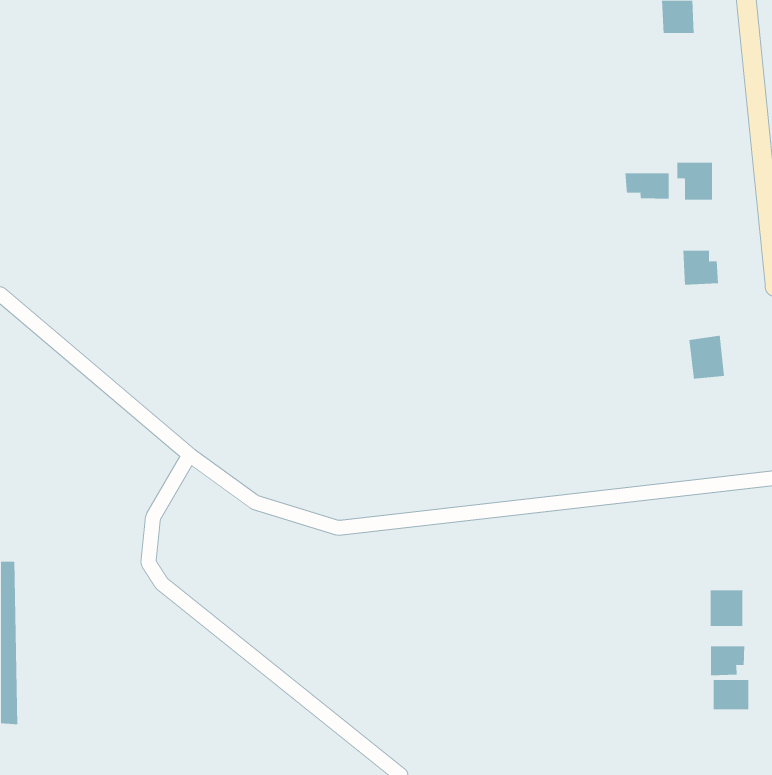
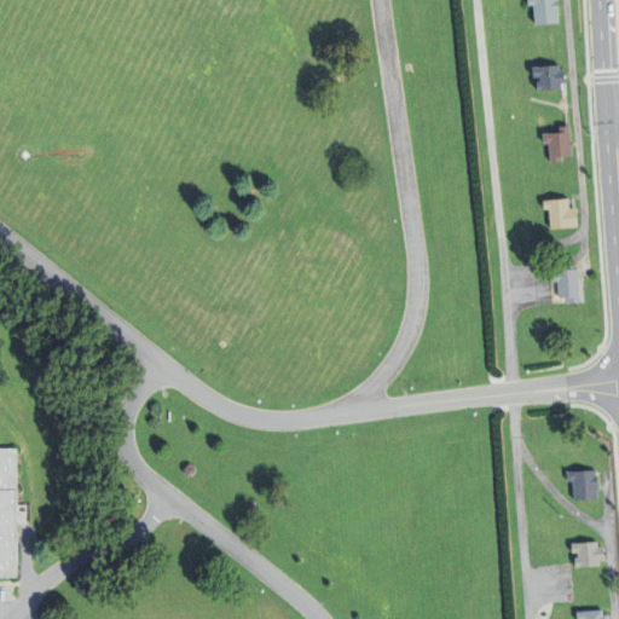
building: none -> [532,68,562,92]
building: [625,173,669,199] -> none
building: [711,645,745,676] -> none

